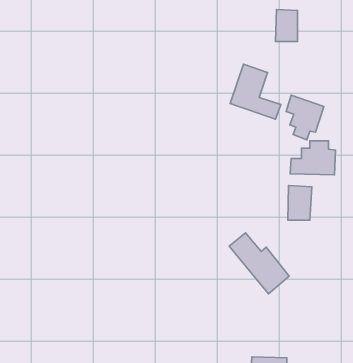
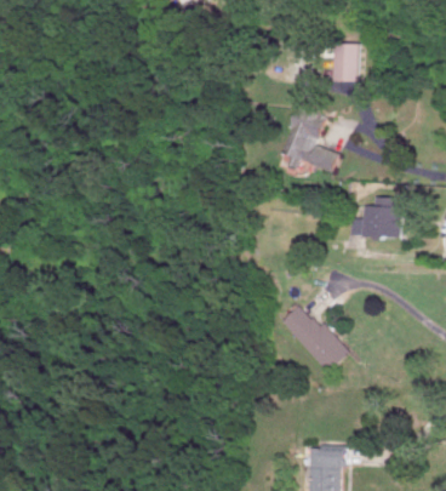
building: [286,95,324,140] -> none
building: [288,186,312,220] -> none

